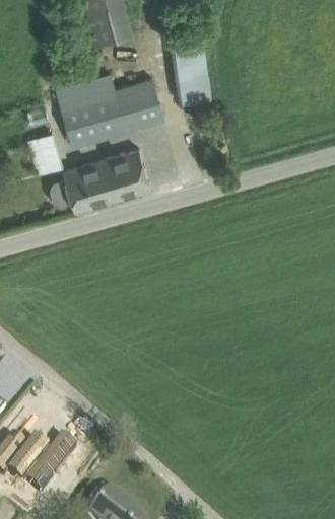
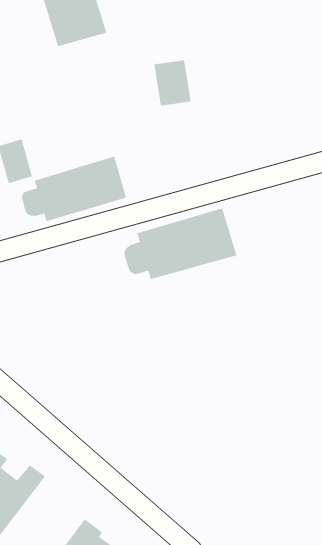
building: [56,73,162,144] -> none
building: none -> [124,208,237,280]

